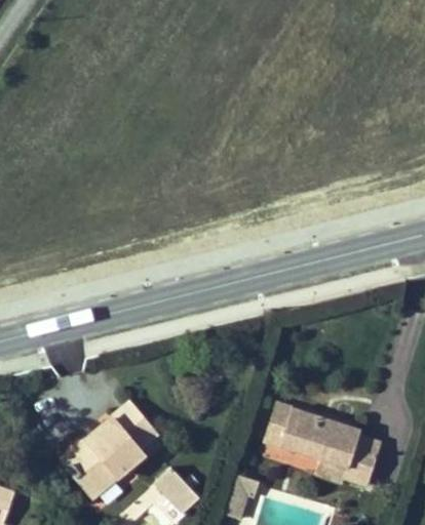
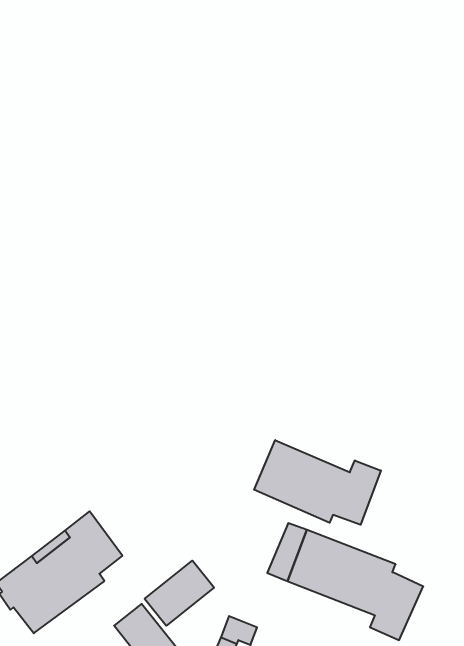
building: none -> [254,440,381,525]
building: none -> [145,561,214,626]

